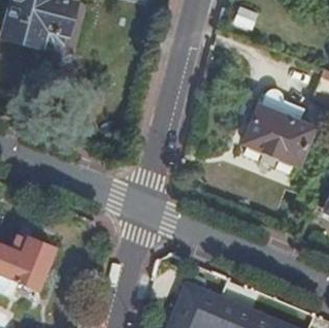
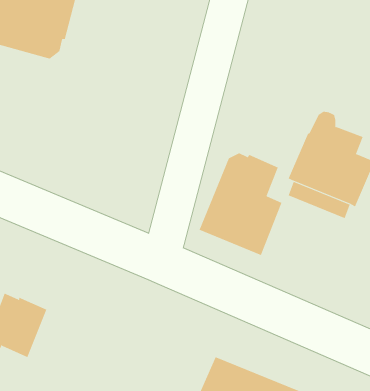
building: none -> [199,152,282,256]

